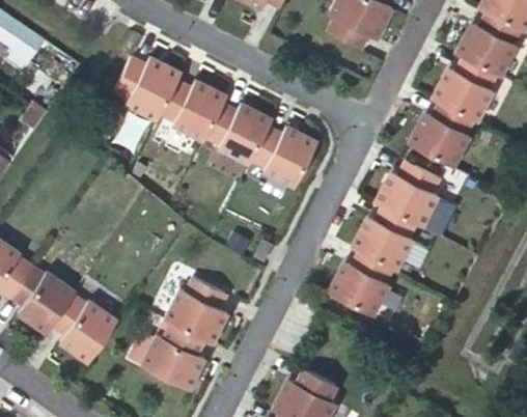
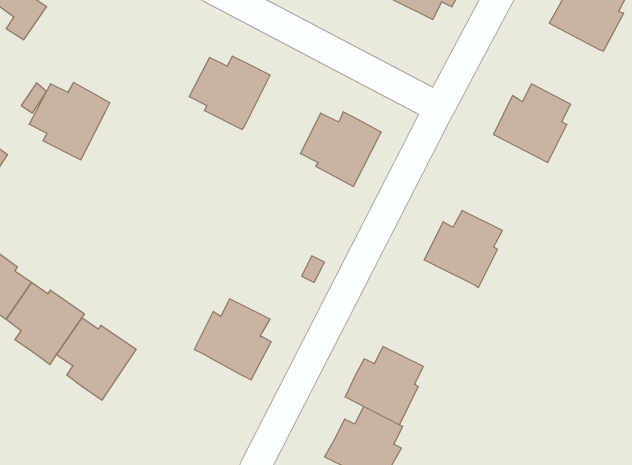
building: [114,56,181,119] -> [29,83,110,160]
building: [433,57,497,121] -> none
building: [205,103,272,163] -> none
building: [376,161,440,226] -> none
building: [330,251,394,315] -> [345,346,423,425]
building: [140,324,203,390] -> none

